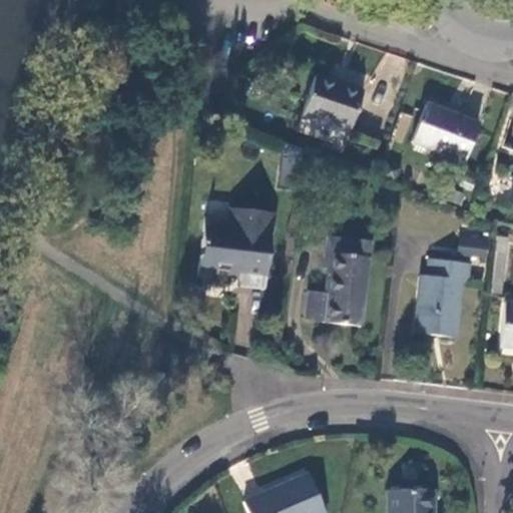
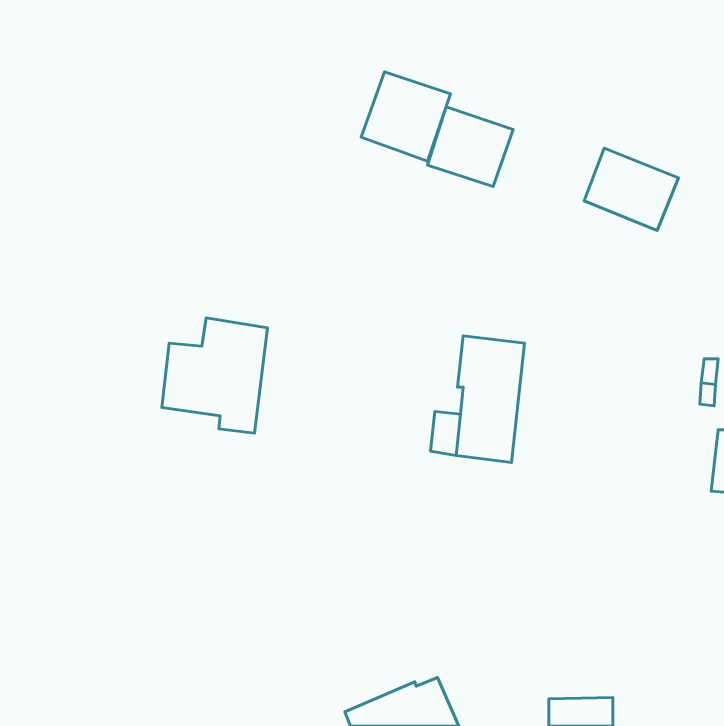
building: none -> [361,72,451,161]
building: [200,206,275,288] -> [162,318,267,433]
building: [417,259,471,337] -> none

